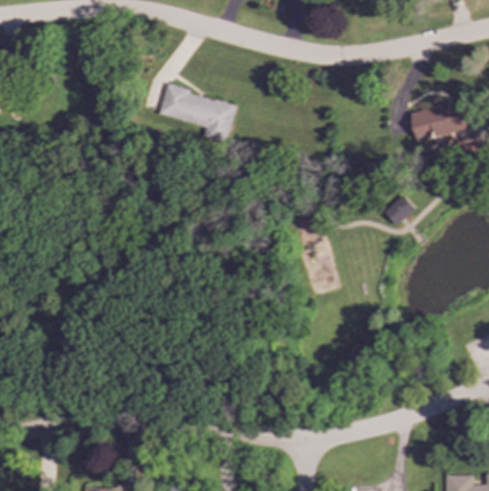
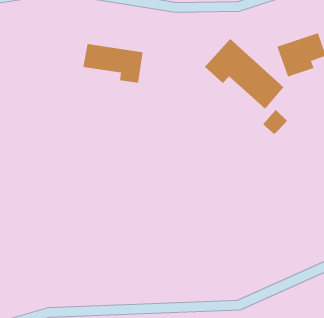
building: none -> [204,38,284,110]

